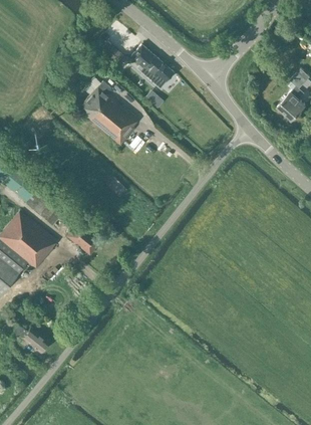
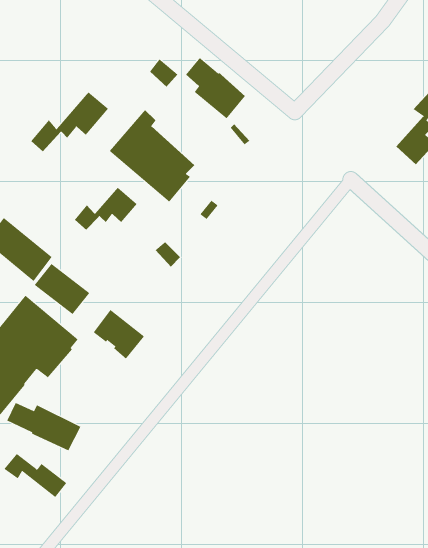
building: none -> [30,92,109,152]
building: none -> [74,187,137,231]
building: none -> [6,402,81,451]

